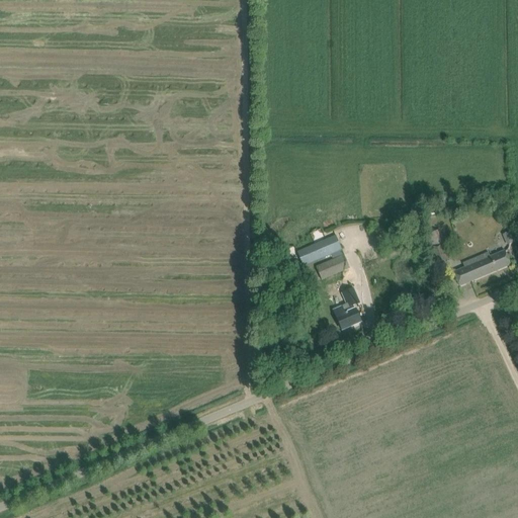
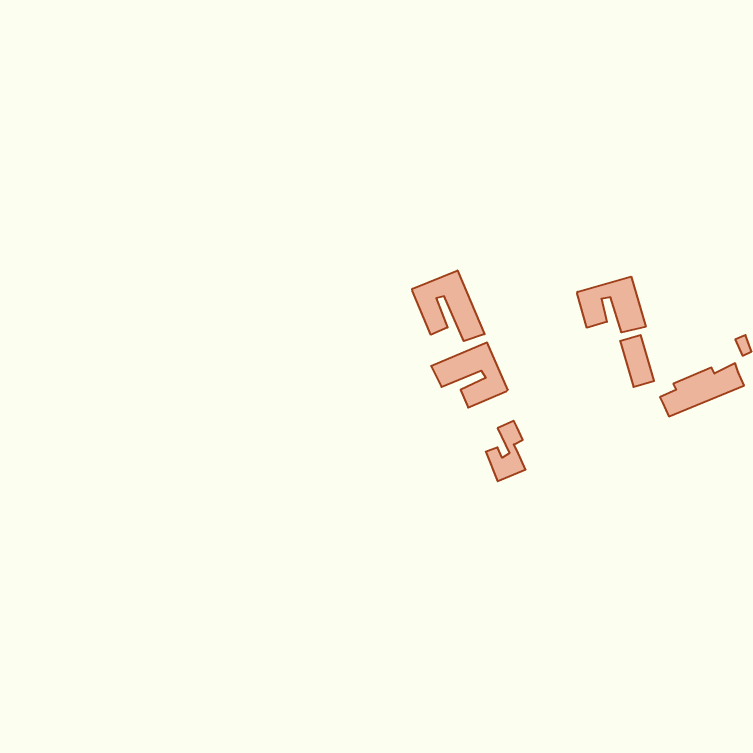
building: none -> [412,270,485,341]
building: none -> [577,277,646,332]

